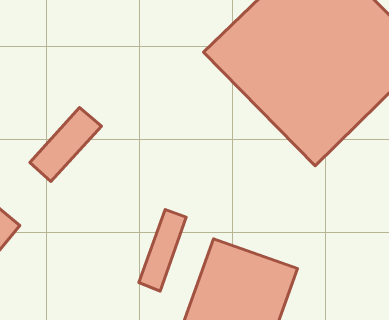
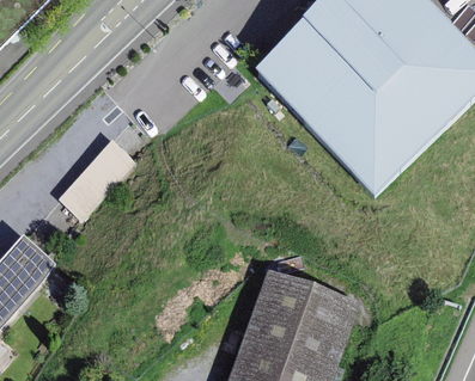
building: [139,209,186,291] -> none

